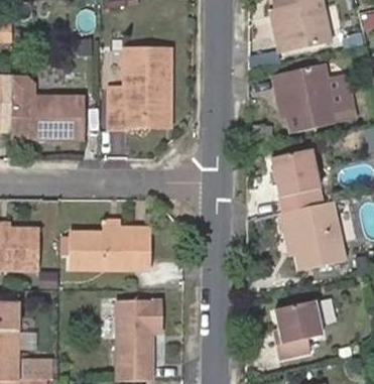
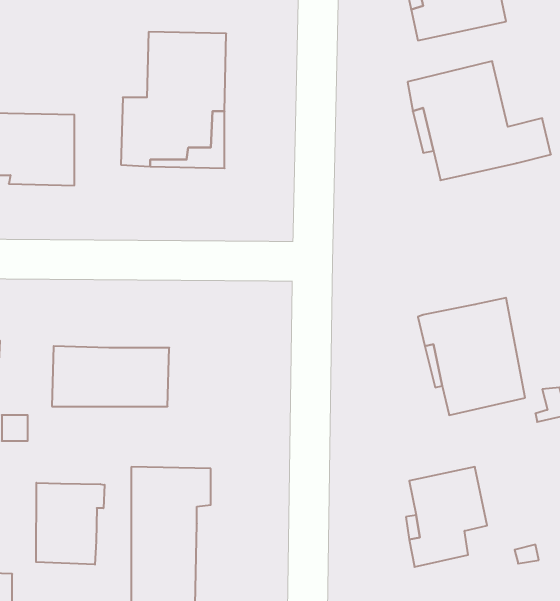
building: [274,151,320,213] -> none
building: [102,217,151,266] -> none
building: none -> [36,483,105,565]

